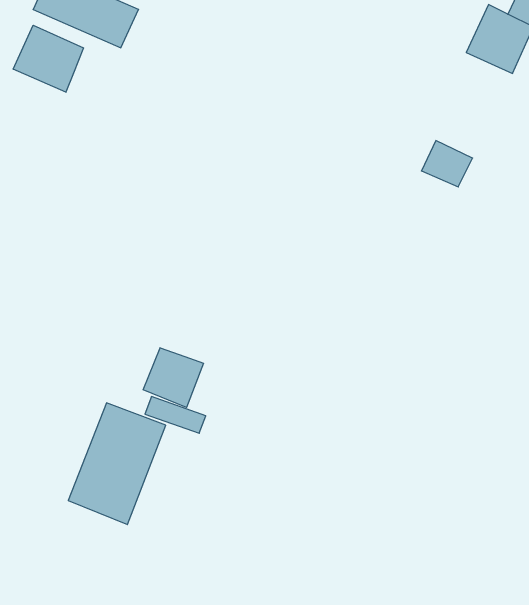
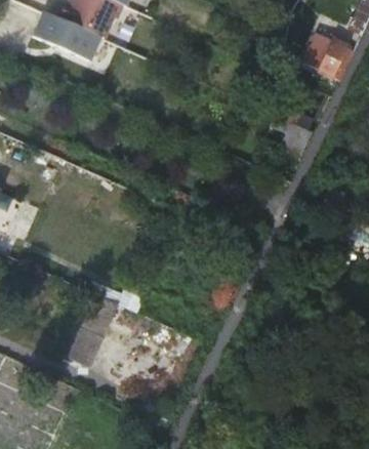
building: [13,25,84,92] -> none
building: [143,348,204,407] -> none

